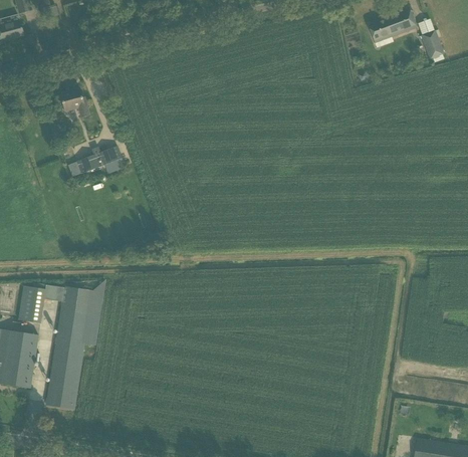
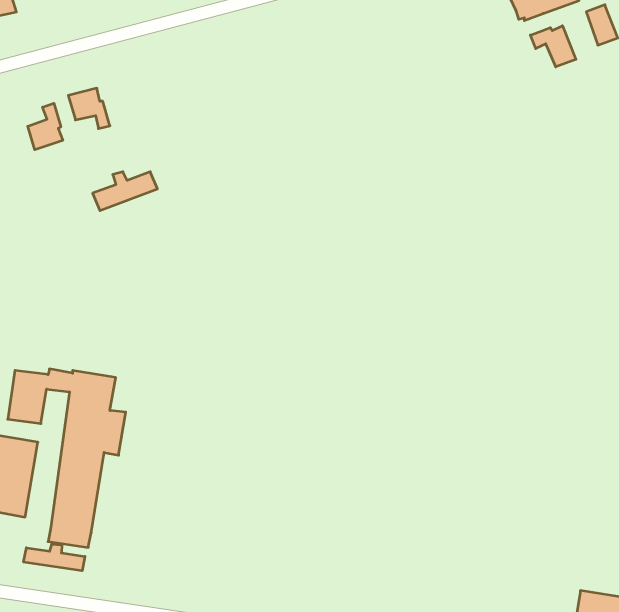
building: none -> [530,26,576,67]
building: none -> [28,103,63,150]
building: none -> [24,544,85,571]

